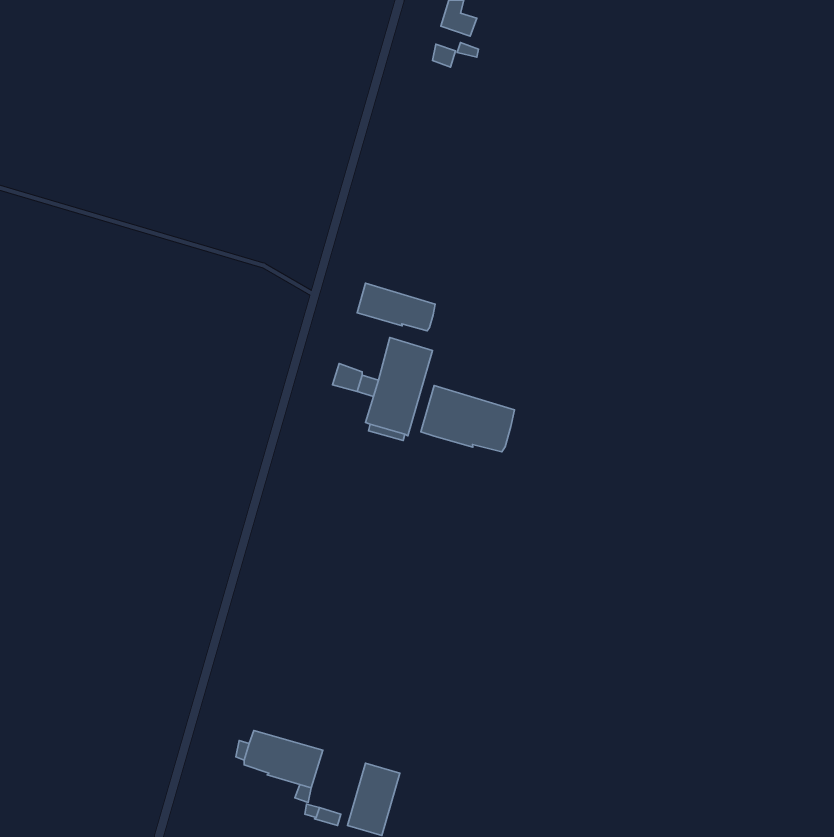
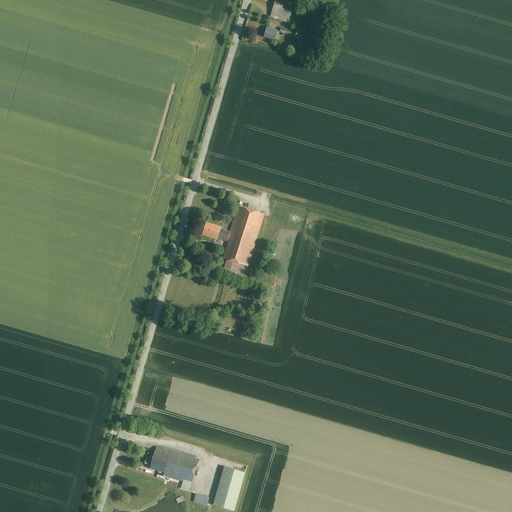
building: [357,283,435,331] -> none
building: [421,385,515,452] -> none

